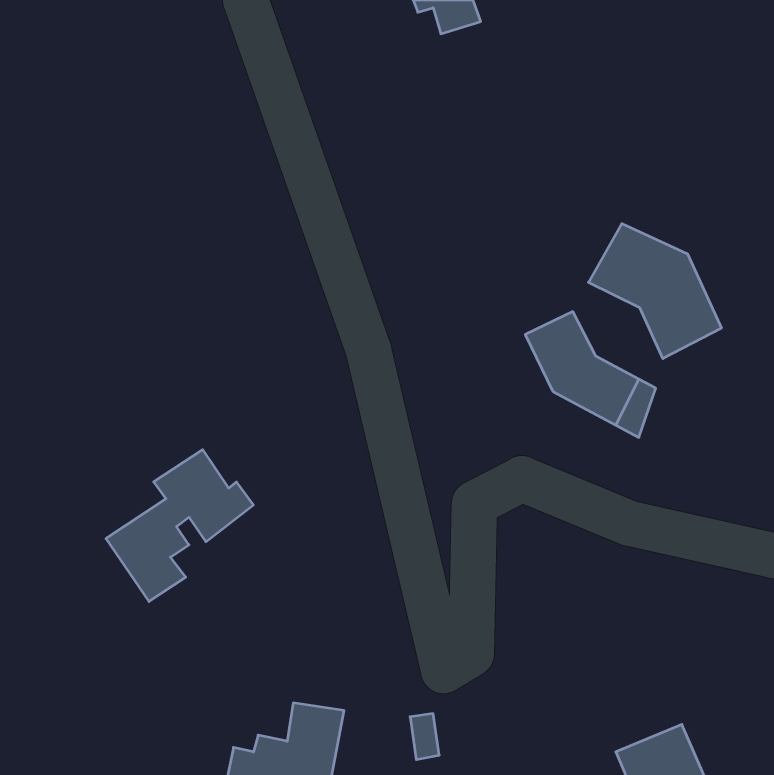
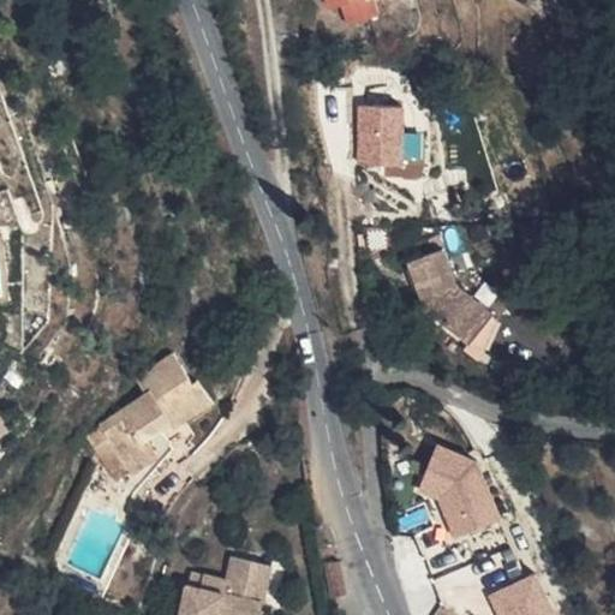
building: none -> [352,107,419,174]
building: [588,224,721,359] -> none
building: none -> [419,446,497,542]

